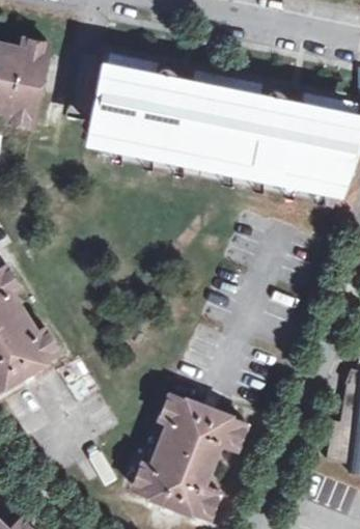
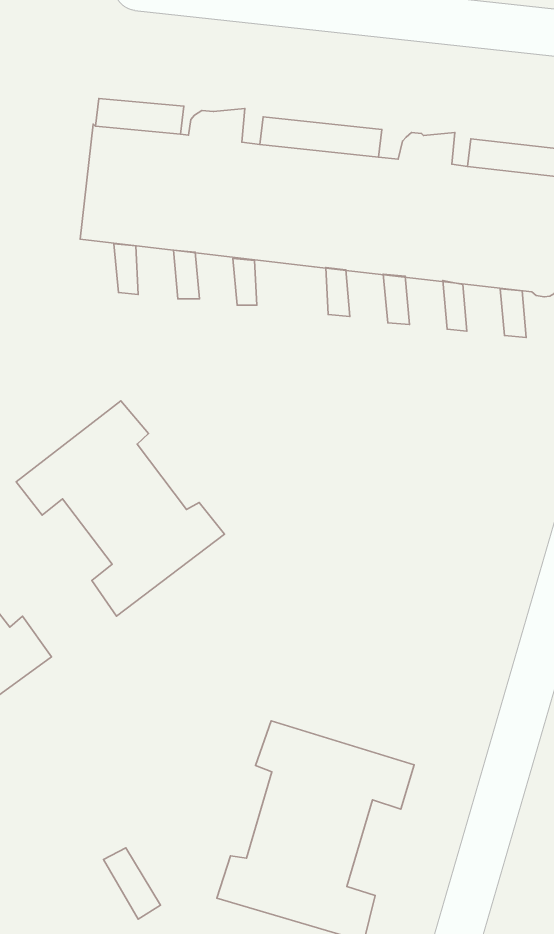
building: none -> [16,401,224,616]

